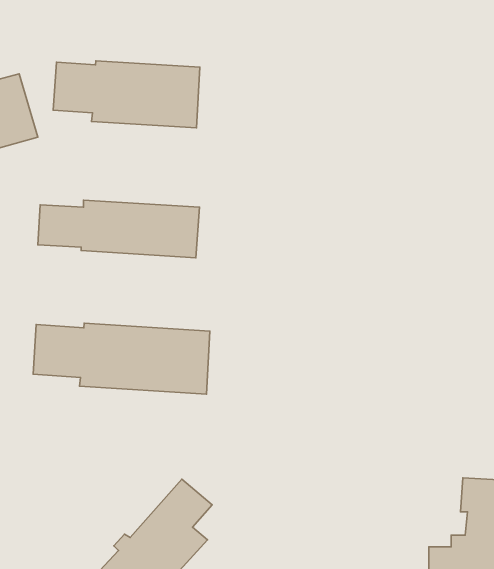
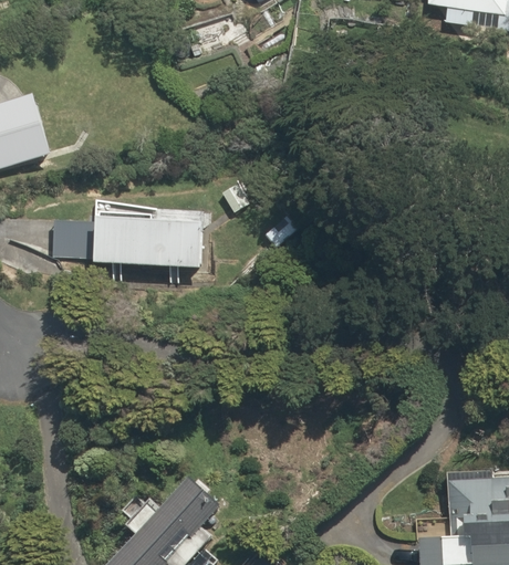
building: [53,61,200,128] -> none
building: [33,323,210,394] -> none

